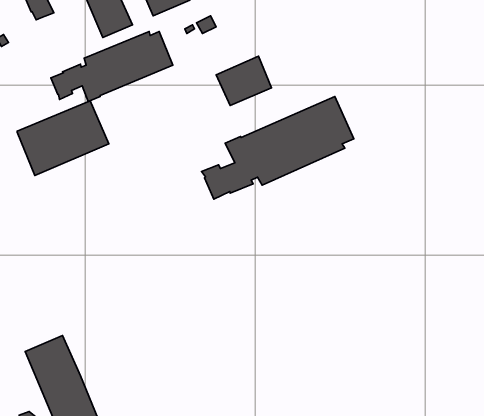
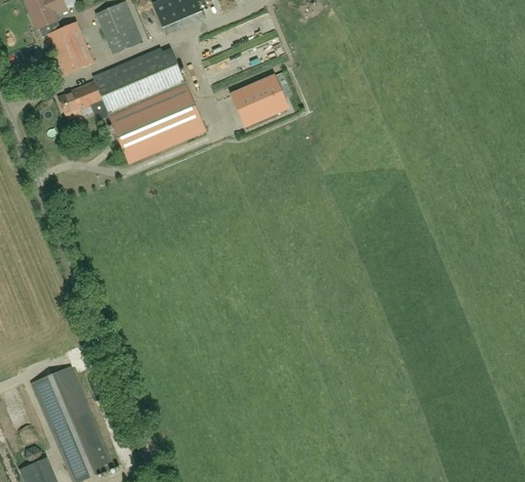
building: none -> [48,22,93,75]
building: [202,96,354,199] -> none
building: [17,101,109,175] -> [110,83,205,161]

